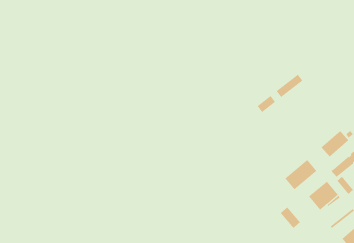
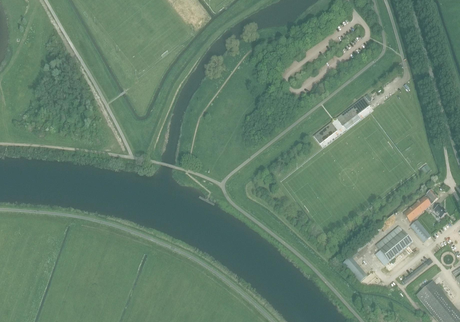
building: [321,130,349,157] -> none
building: [284,159,317,190] -> none

